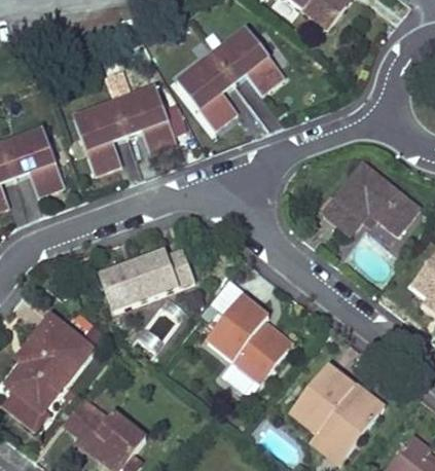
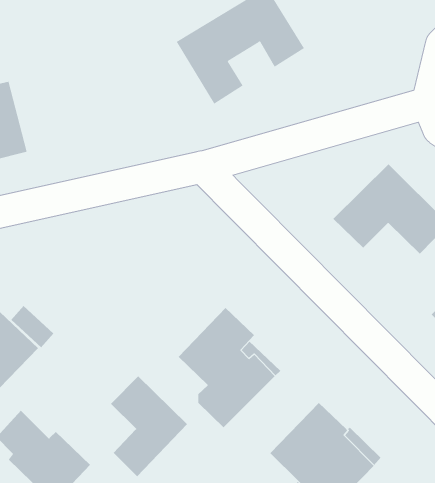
building: [73,86,177,174] -> none
building: [99,248,194,312] -> none
building: none -> [110,376,188,477]

